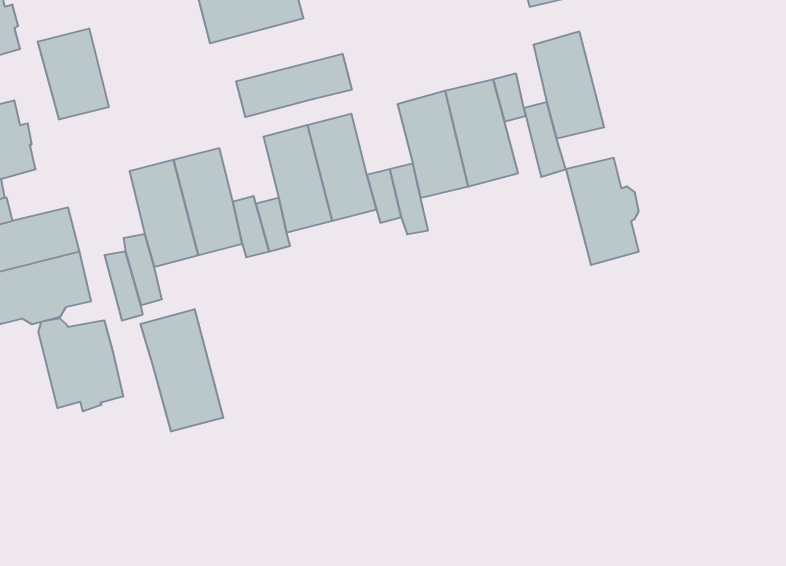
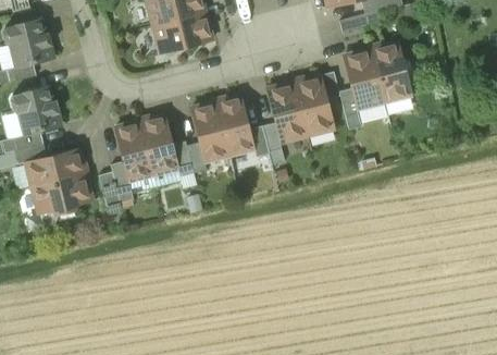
building: [38,28,109,120] -> none
building: [236,54,352,117] -> none
building: [566,158,639,265] -> [370,41,411,102]
building: [140,309,223,432] -> none
building: [38,318,123,411] -> none

